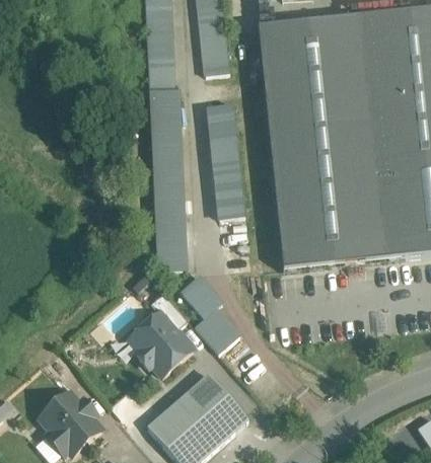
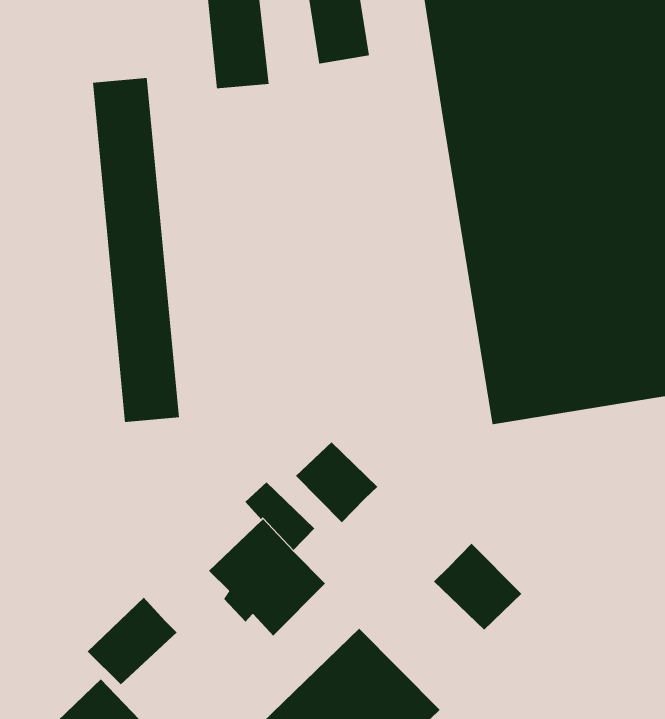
building: [149,87,186,268] -> [92,78,180,422]
building: [205,103,246,220] -> none
building: [193,304,239,351] -> [433,543,522,631]
building: none -> [87,597,177,685]

